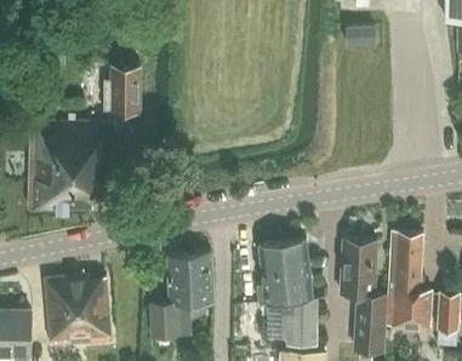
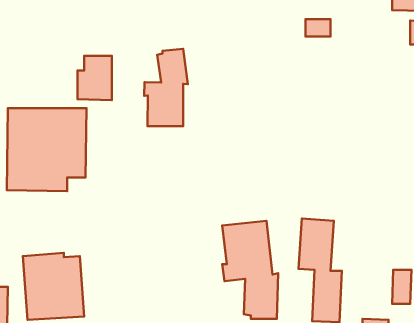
building: none -> [144,49,188,126]
building: [387,234,430,330] -> none
building: [150,254,213,338] -> none

